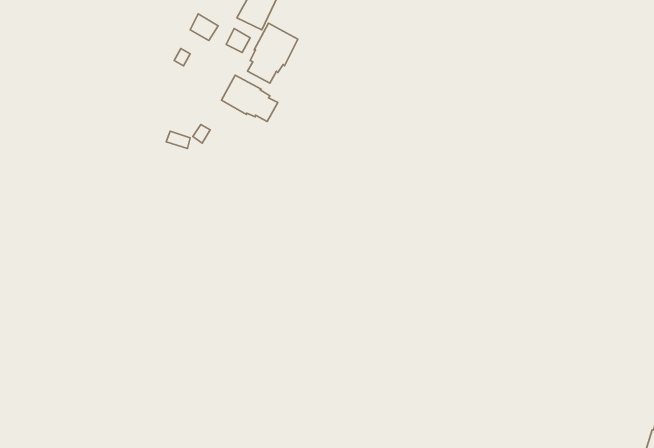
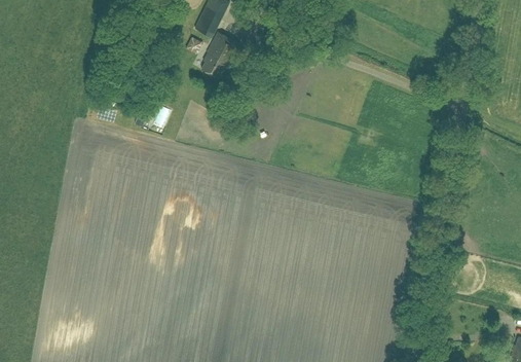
building: [222,75,278,122] -> none

